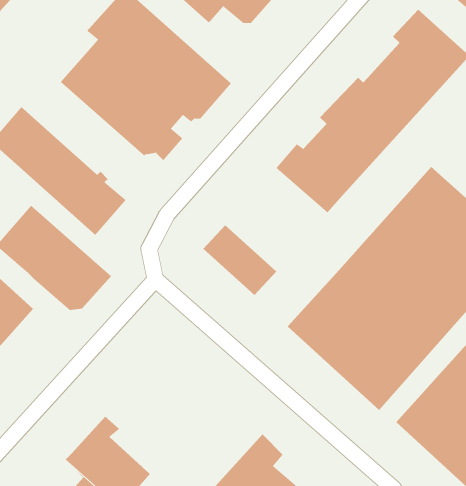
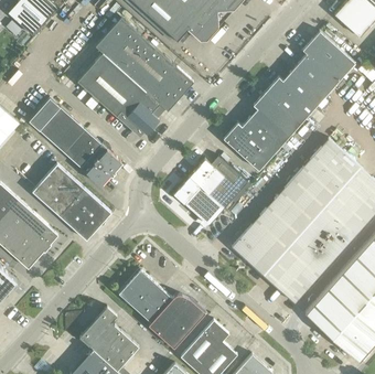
building: none -> [189,154,248,210]
building: none -> [118,270,204,349]

